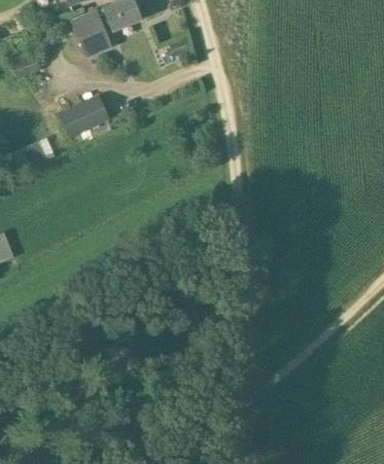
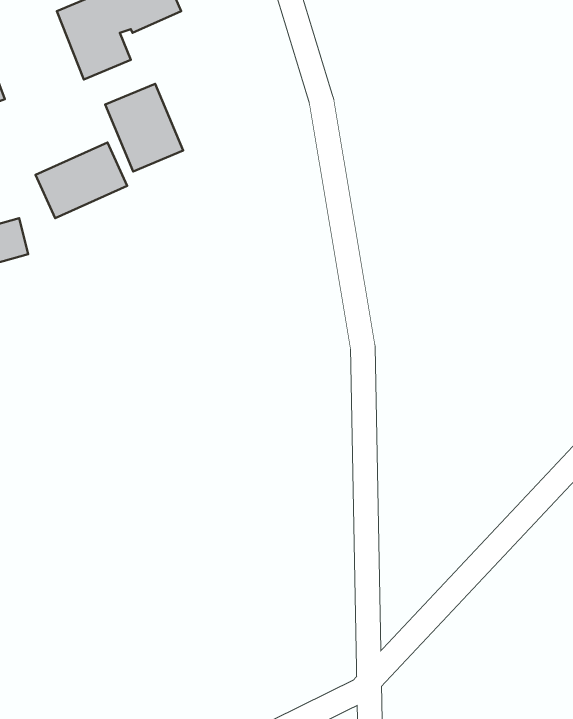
building: none -> [105,84,183,171]

